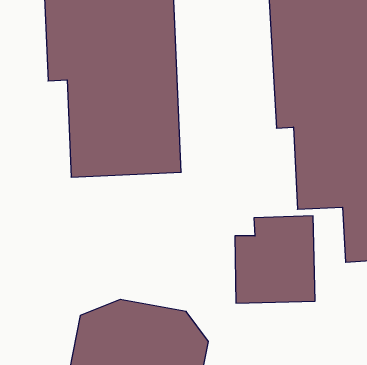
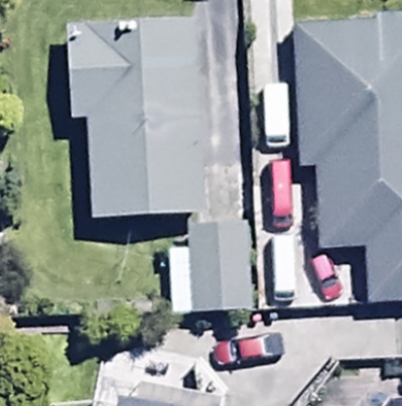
building: [235,216,315,303] -> [172,224,253,311]

